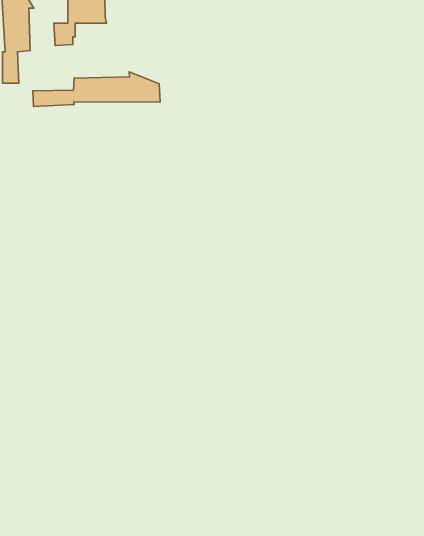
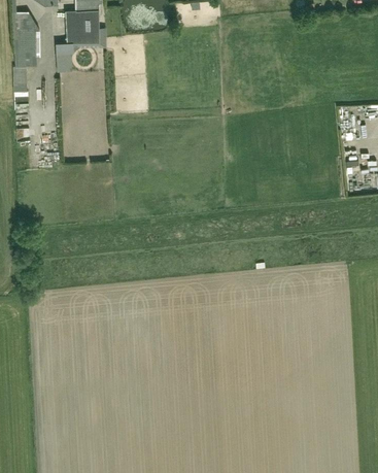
building: [33,72,160,106] -> none

